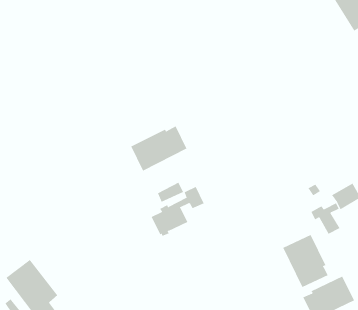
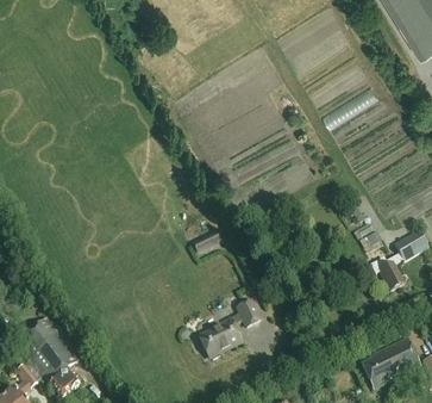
building: [130,126,187,172] -> none
building: [151,186,204,237] -> [198,298,259,356]
building: [282,234,328,288] -> none

